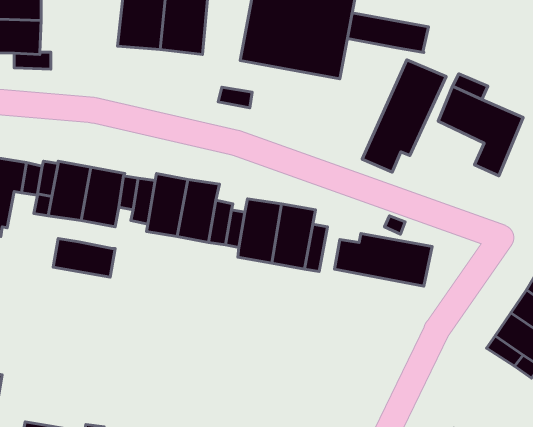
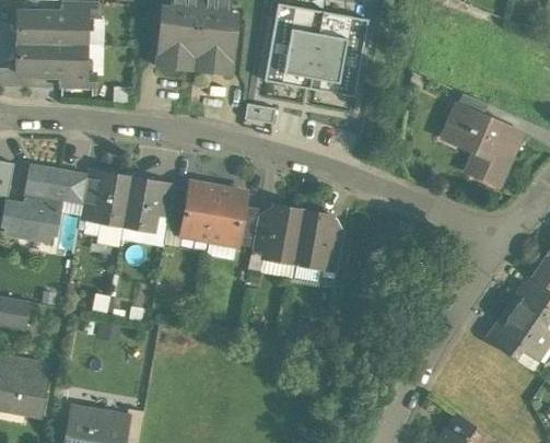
building: [348,13,428,53] -> none
building: [362,60,446,172] -> none
building: [335,233,432,286] -> none
building: [53,238,115,277] -> none

